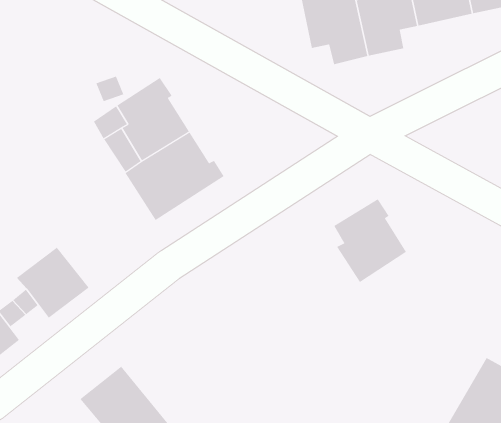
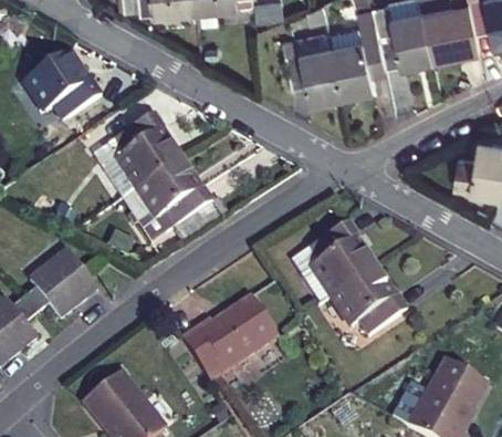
building: none -> [28,53,104,121]
building: none -> [333,270,406,335]
building: none -> [178,292,276,378]

